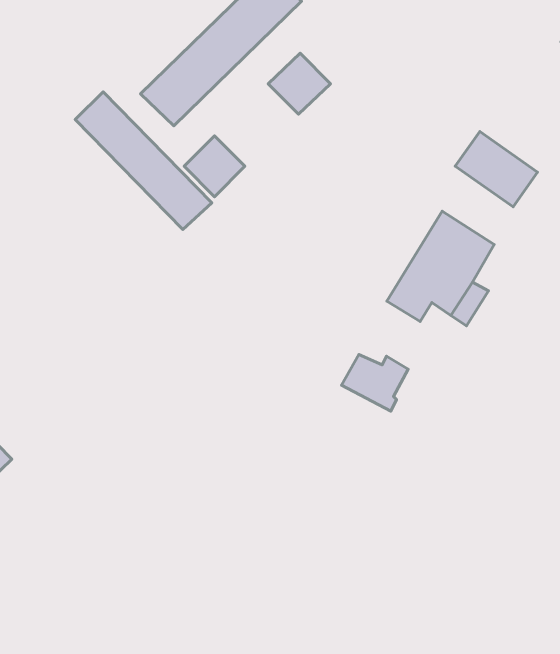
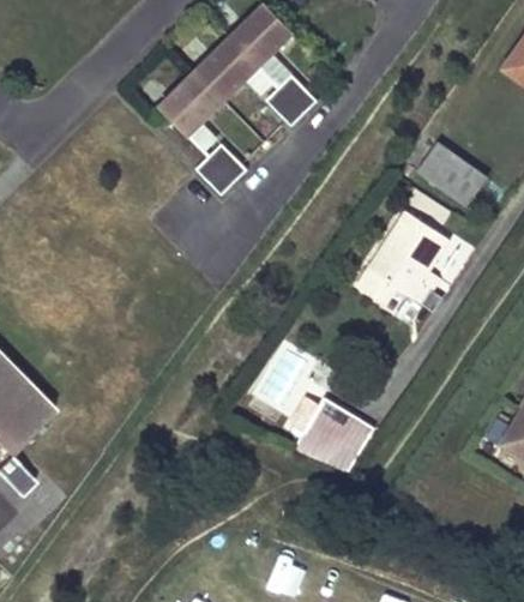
building: [75,92,212,230] -> none
building: [341,355,408,411] -> [305,405,360,452]

